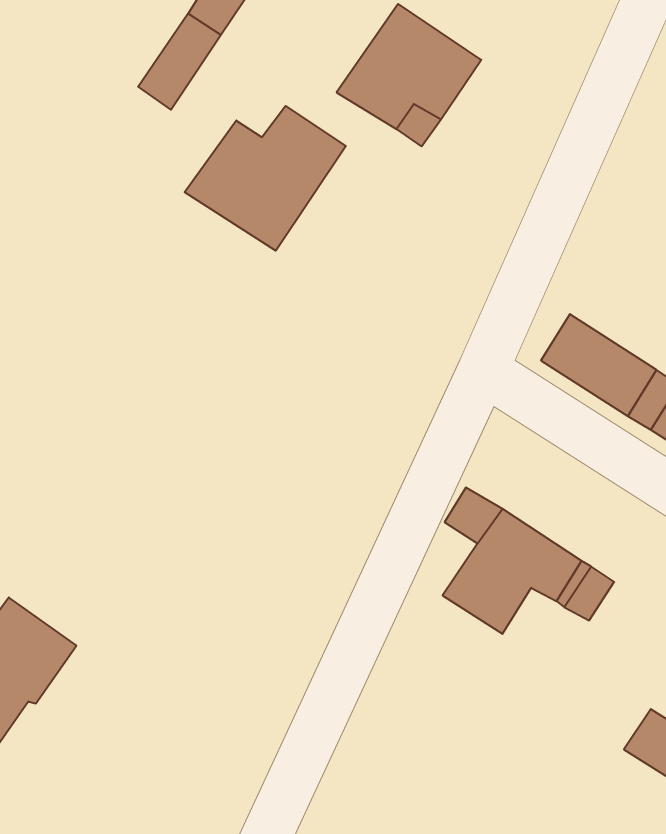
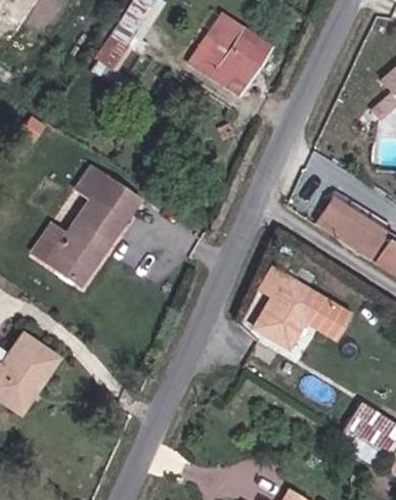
building: [185,106,346,251] -> none
building: none -> [35,172,134,288]

